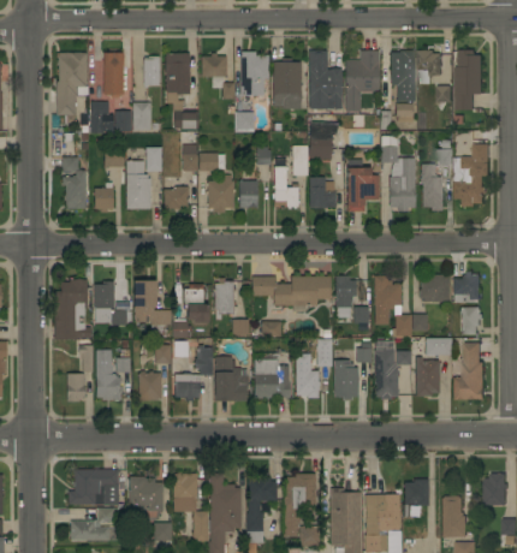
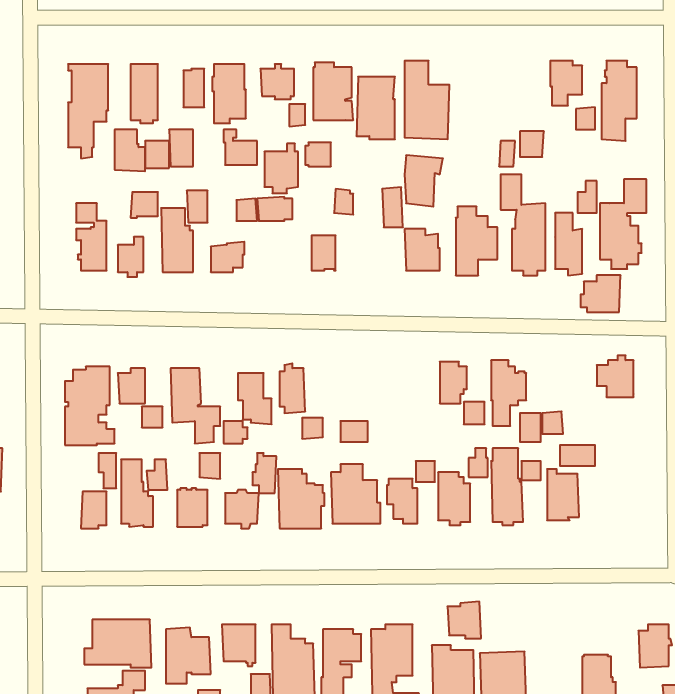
building: [345,50,380,112] -> none
building: [391,50,415,101] -> none
building: [274,167,298,208] -> none
building: [208,176,233,213] -> [264,144,298,193]
building: [420,274,450,302] -> [581,275,621,312]
building: [252,276,331,305] -> none
building: [460,308,485,335] -> none
building: [453,341,488,402] -> none
building: [404,478,429,506] -> [447,602,481,638]

